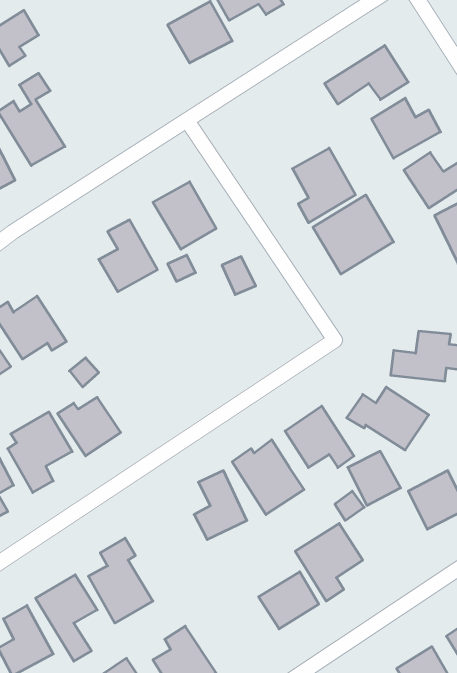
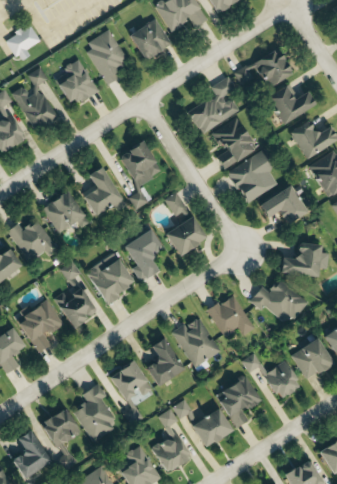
building: none -> [87,29,129,85]
building: none -> [55,58,98,106]
building: none -> [188,76,240,133]
building: none -> [258,186,307,225]
building: none -> [42,191,87,233]
building: none -> [164,216,206,255]
building: none -> [123,229,162,282]
building: none -> [85,253,133,306]
building: [348,451,401,505] -> [264,361,300,398]
building: none -> [108,361,152,401]
building: none -> [151,408,189,470]

